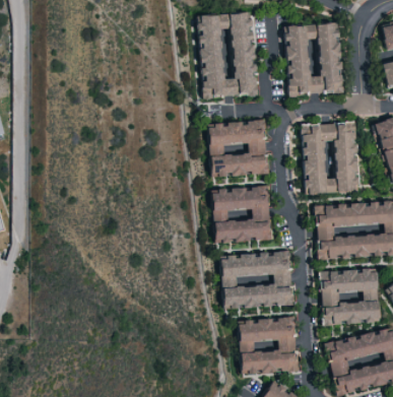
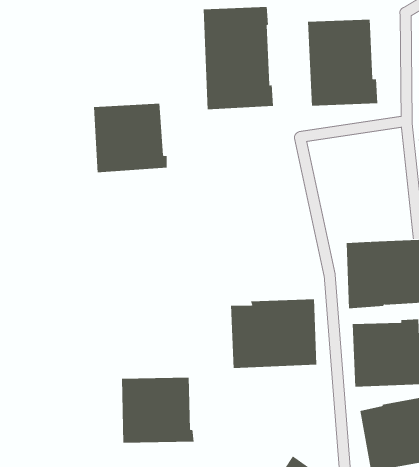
building: [208,121,269,178] -> [93,103,168,173]
building: [302,122,358,194] -> none
building: [212,187,271,244] -> none
building: [239,319,299,373] -> [121,377,195,443]

